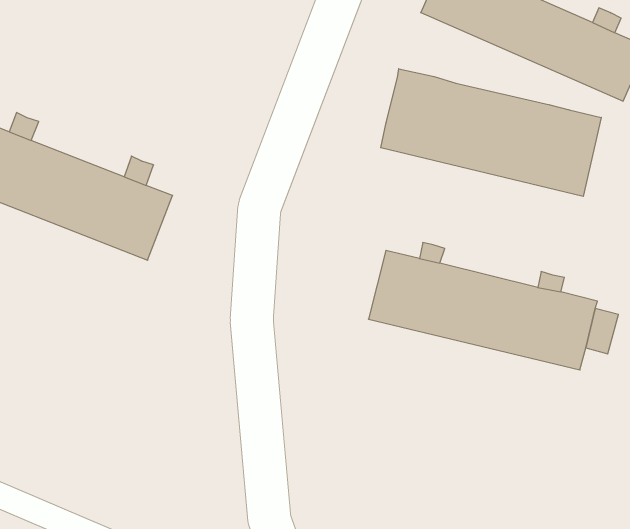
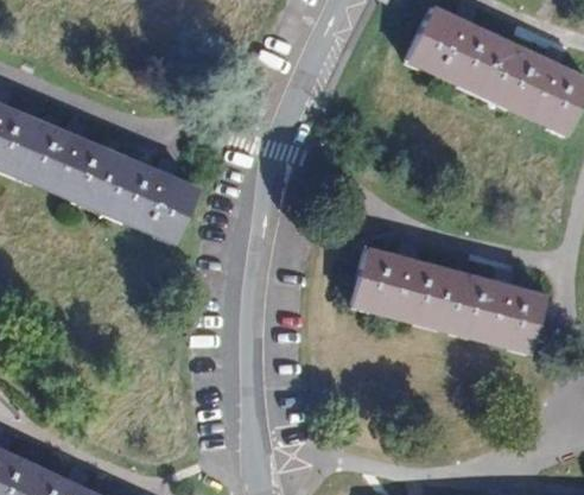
building: [381,69,601,196] -> none

